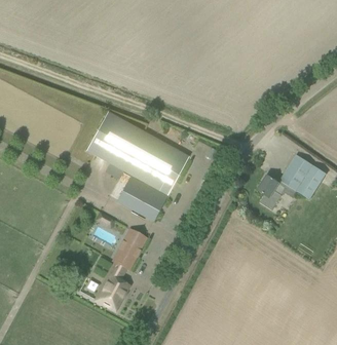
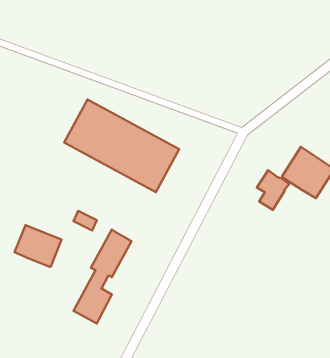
building: [118,177,166,218] -> none
building: none -> [14,225,62,267]

